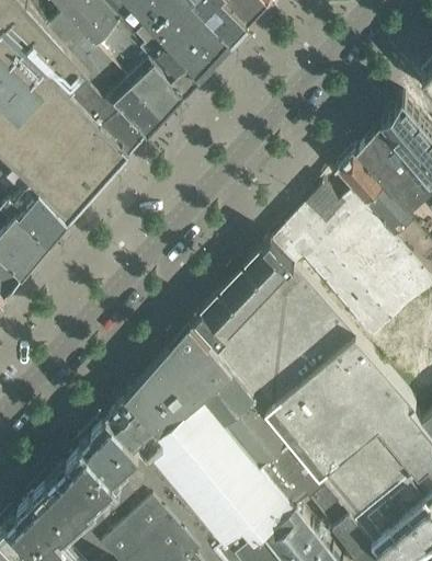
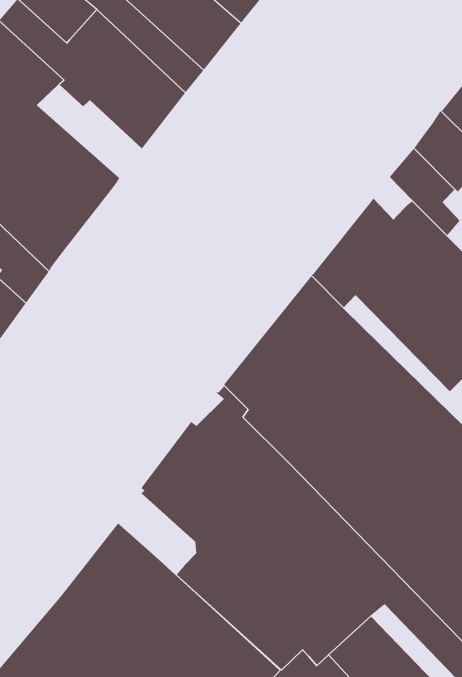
building: [70,79,148,154] -> none
building: [106,399,164,457] -> none

